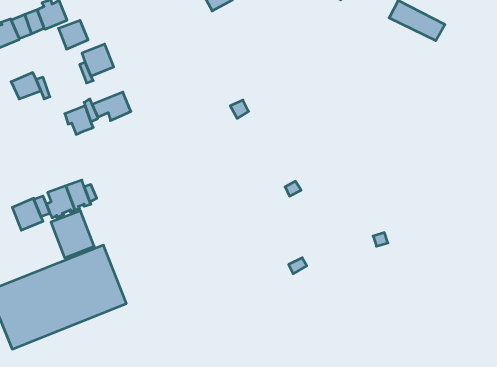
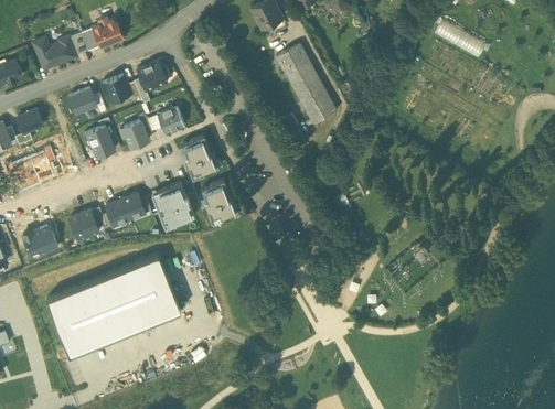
building: [58,20,88,49] -> [103,75,131,103]
building: none -> [276,43,337,123]
building: none -> [83,125,116,159]
building: none -> [182,137,220,177]
building: none -> [202,181,239,223]
building: [51,211,94,258] -> [152,183,194,228]

